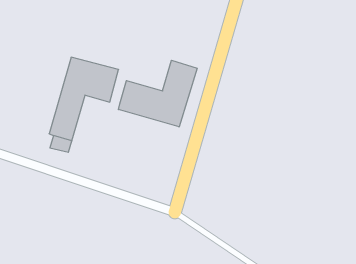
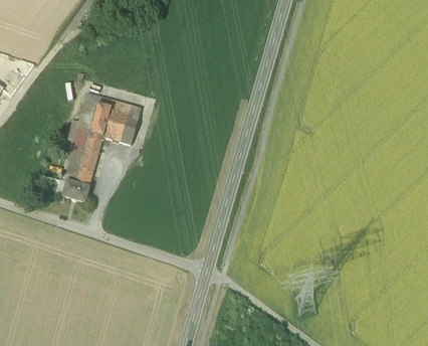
building: [118,60,197,127] -> none

